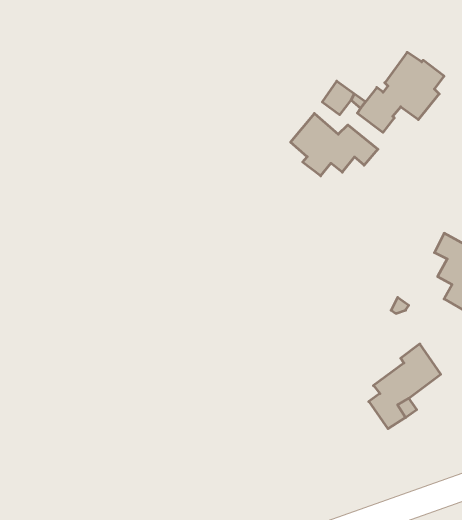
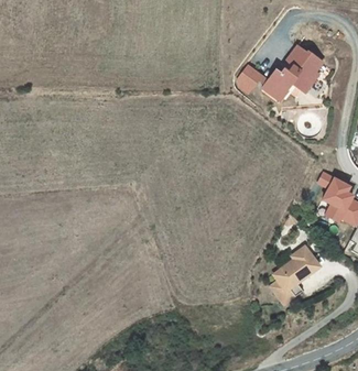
building: [291,113,378,176] -> none

